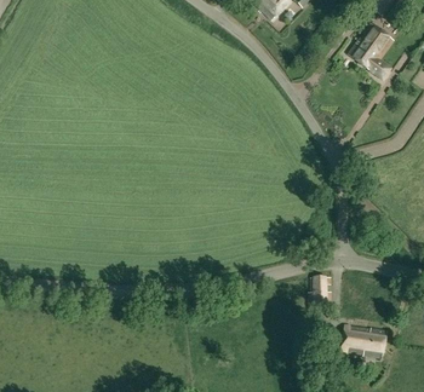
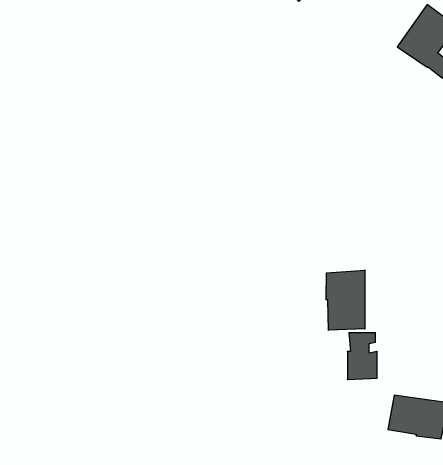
building: none -> [326,270,365,330]

